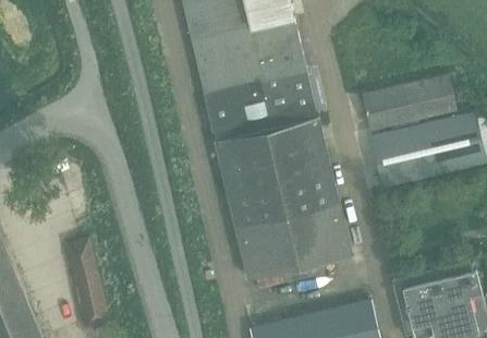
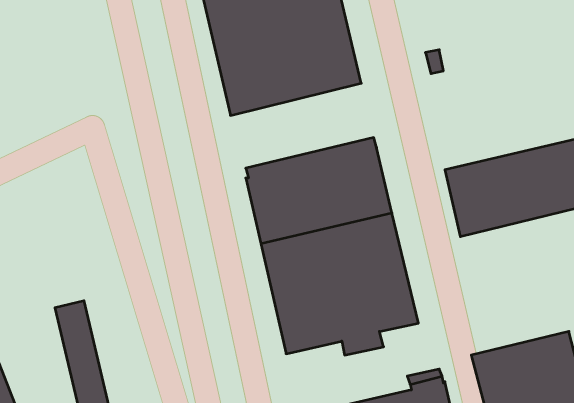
building: [204,69,316,135] -> none
building: [362,75,456,132] -> none

